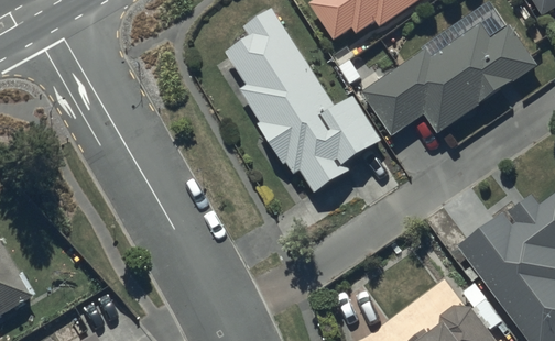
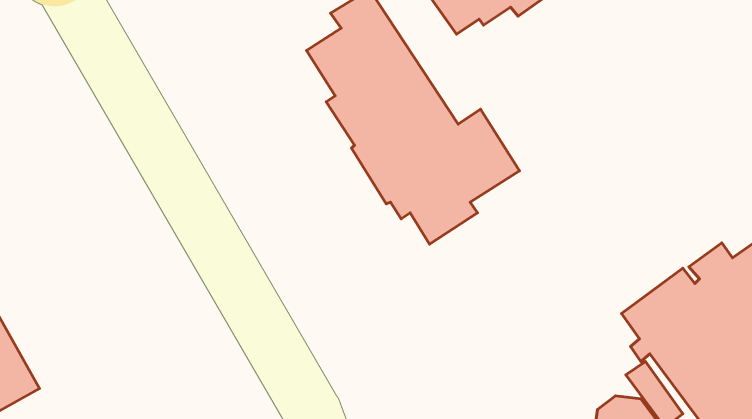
building: [362,21,536,134] -> none

